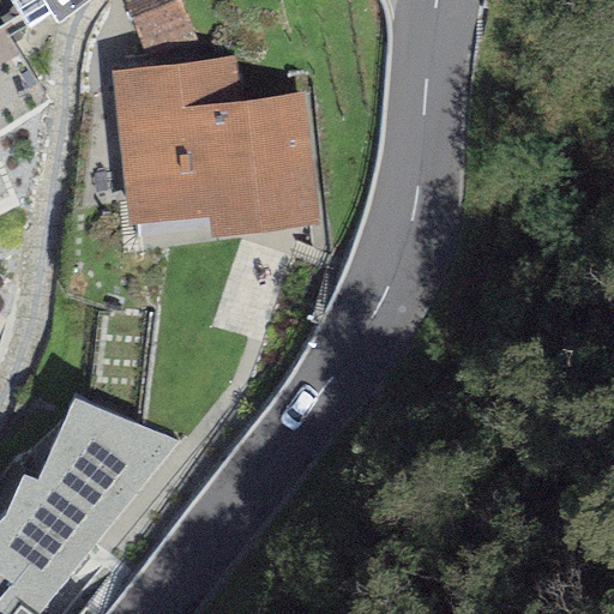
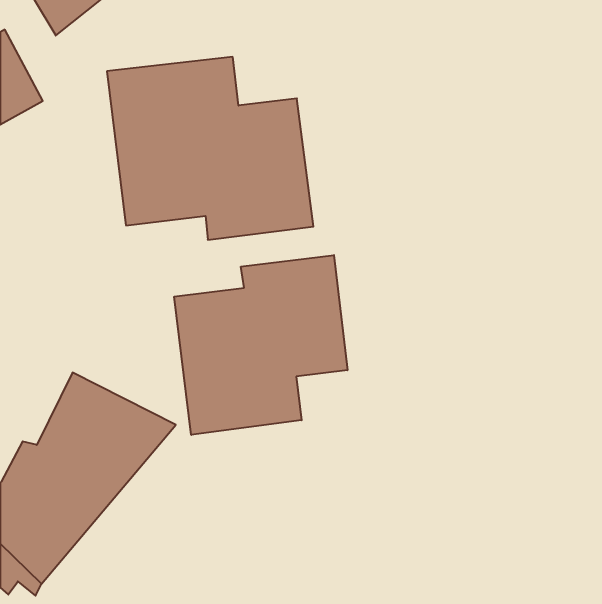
building: none -> [174,255,347,435]

